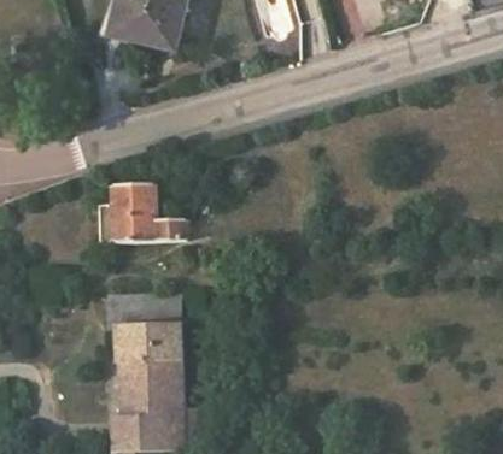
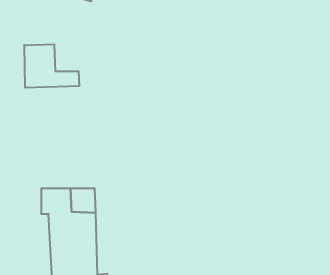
building: [111,187,186,244] -> [24,44,80,88]

